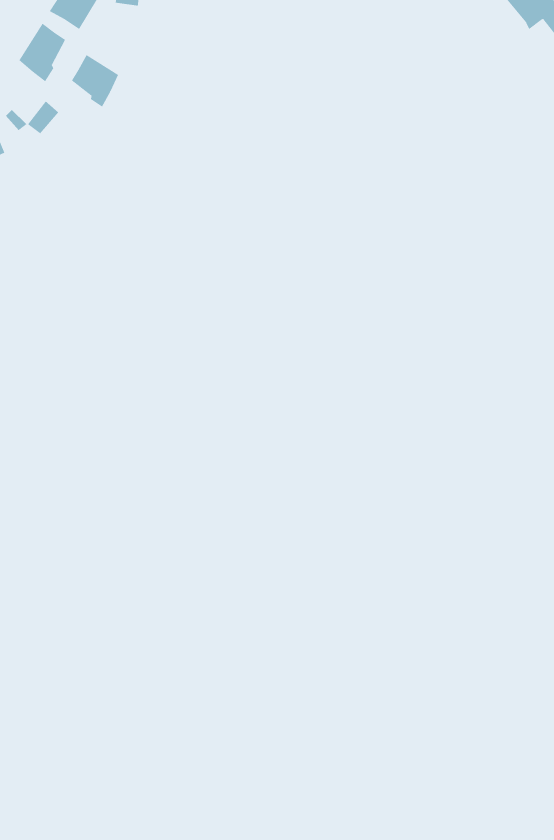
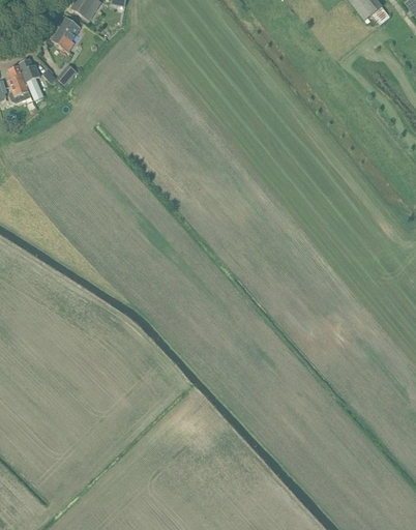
building: [71,54,119,107] -> none

